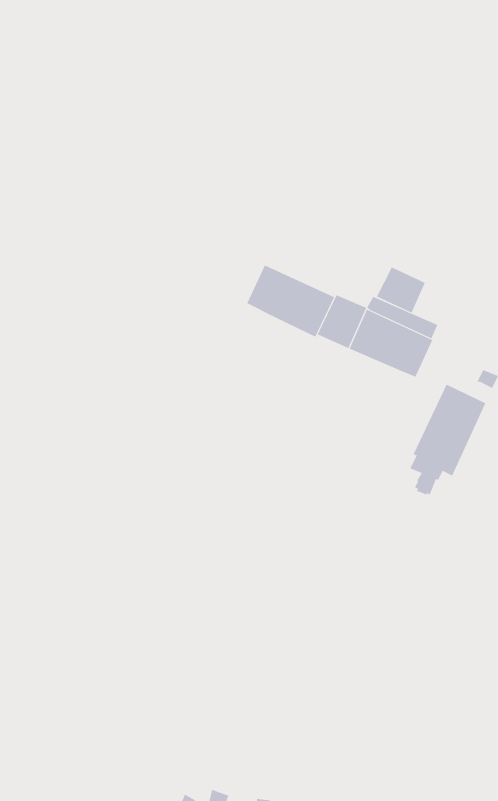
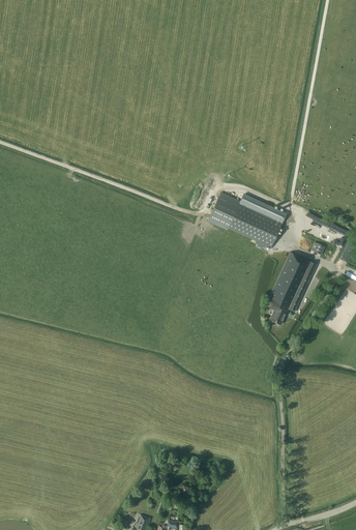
building: [246,264,335,338] -> none
building: [376,266,426,313] -> none

